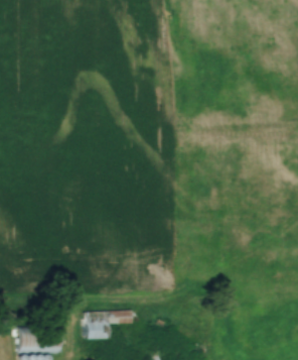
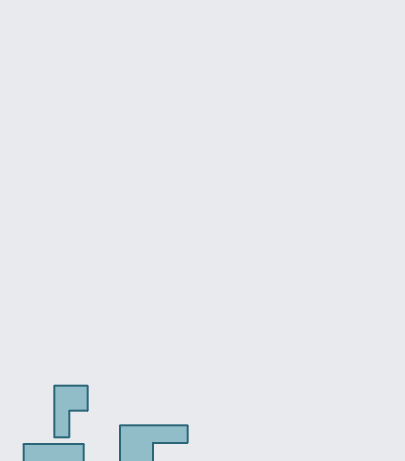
building: none -> [54,386,87,437]

